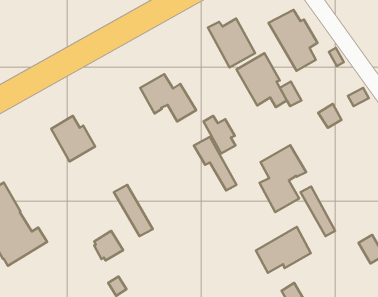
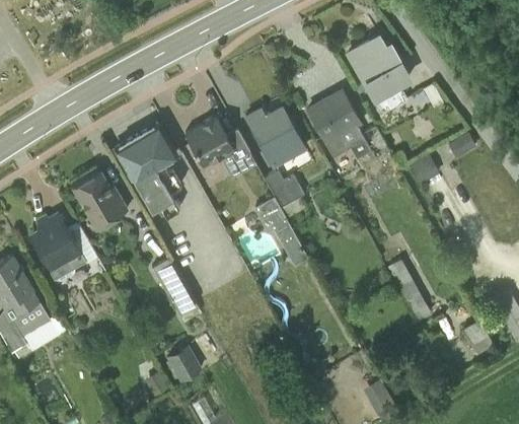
building: [208,19,255,68] -> [245,105,305,167]
building: none -> [116,124,179,217]
building: [259,145,306,212] -> none
building: none -> [29,213,95,278]
building: [256,227,311,273] -> none
building: [94,231,123,261] -> [165,344,202,381]

